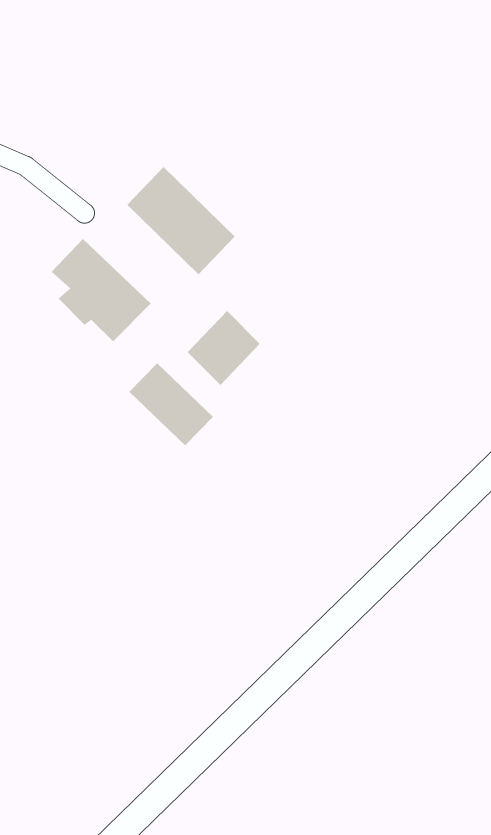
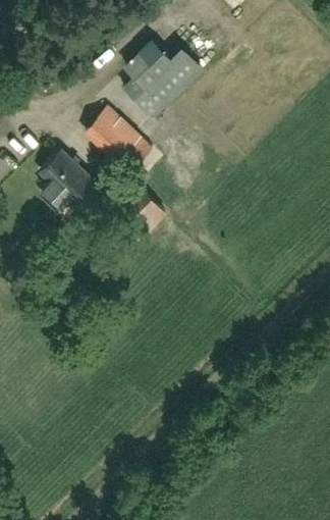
building: none -> [123,41,201,116]
building: [128,363,214,446] -> none

